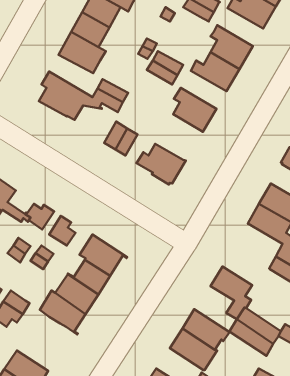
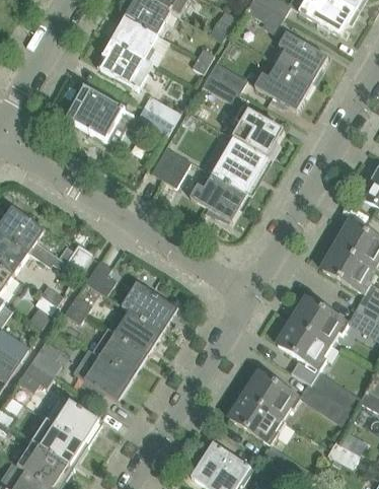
building: none -> [212,137,266,192]
building: none -> [292,296,349,342]
building: none -> [46,395,104,444]

